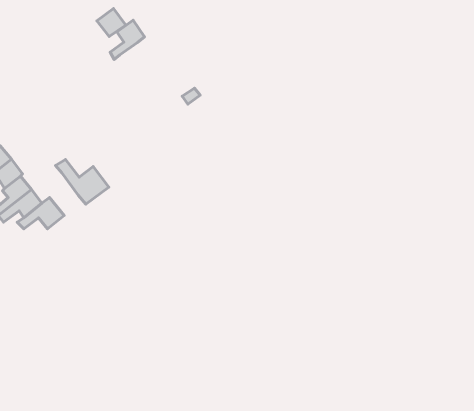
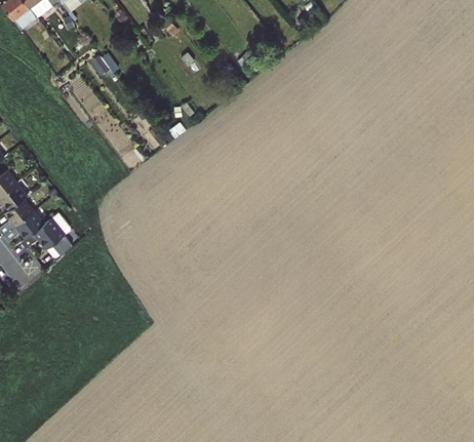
building: [110,20,145,60] -> none
building: [55,160,109,204] -> none

